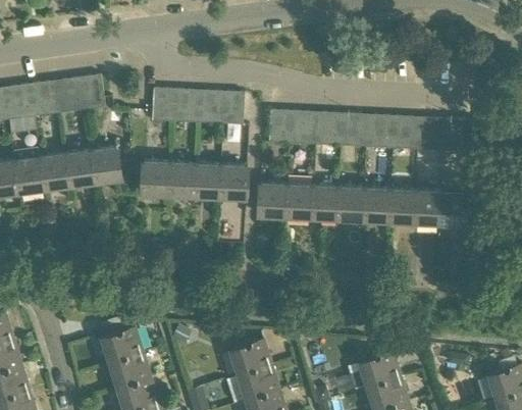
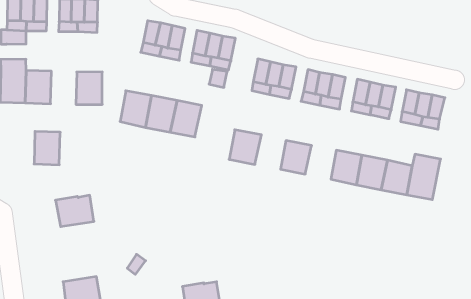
building: [64,150,94,186] -> [34,131,60,165]
building: [218,164,247,198] -> none
building: [282,185,310,216] -> none
building: [334,188,362,218] -> none
building: [99,326,141,362] -> [55,195,94,227]

